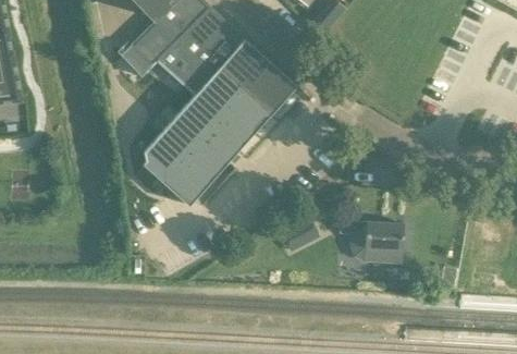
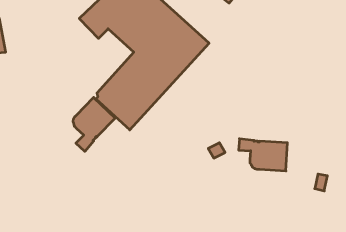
building: none -> [73,97,115,151]

